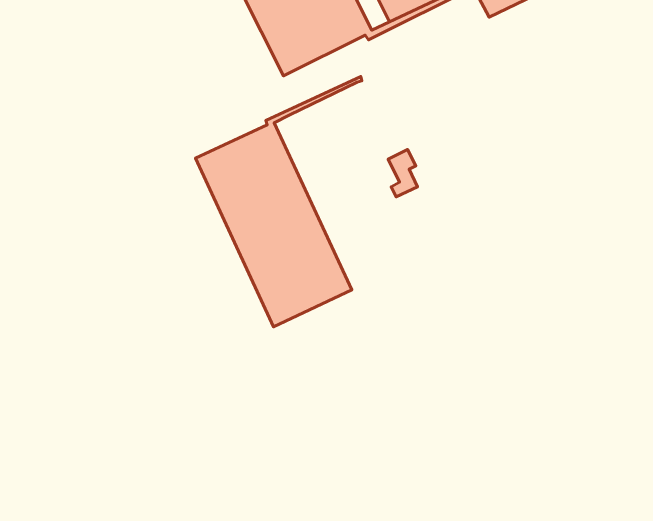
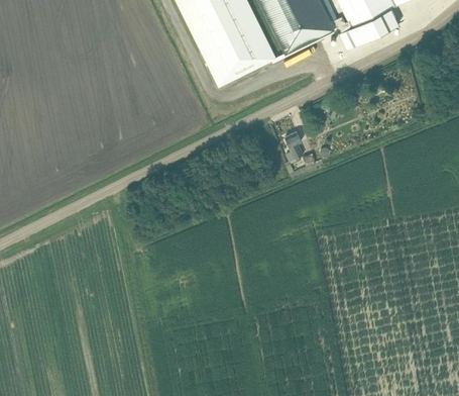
building: [195,76,362,327] -> none

